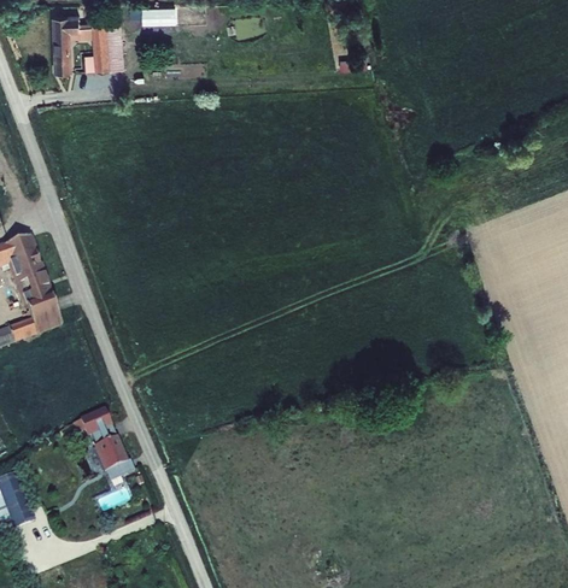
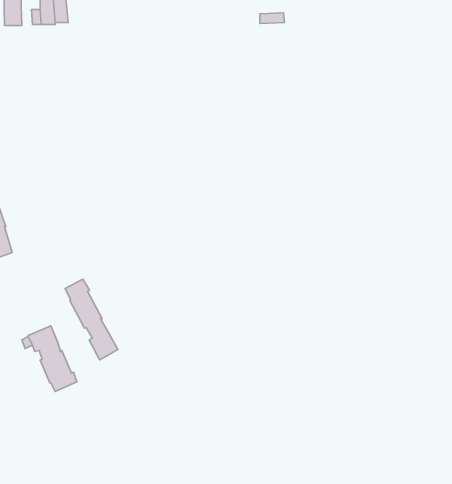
building: none -> [65,279,118,360]

